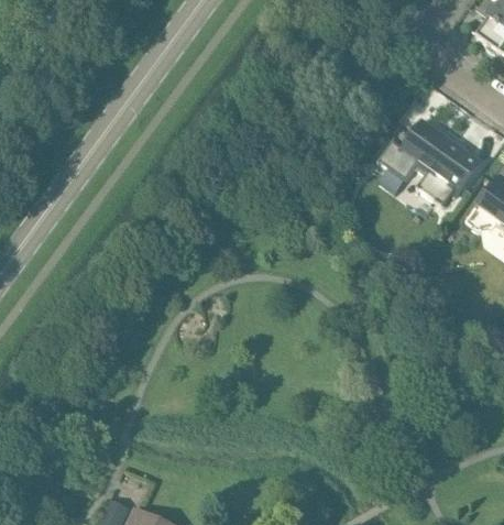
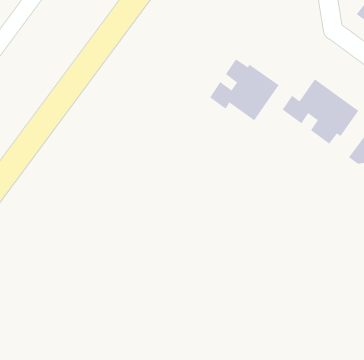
building: none -> [207,58,280,121]

